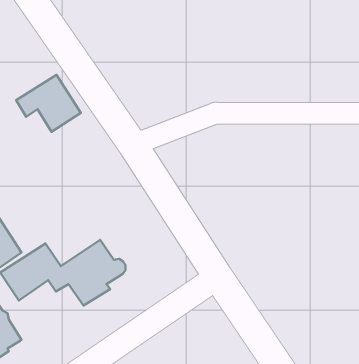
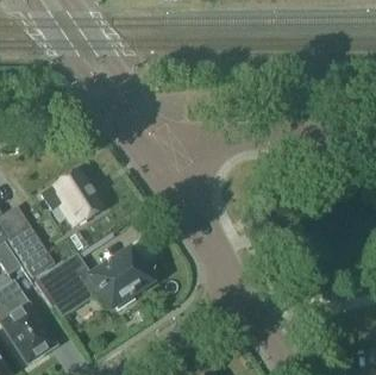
building: [16,75,81,132] -> [40,170,101,224]

